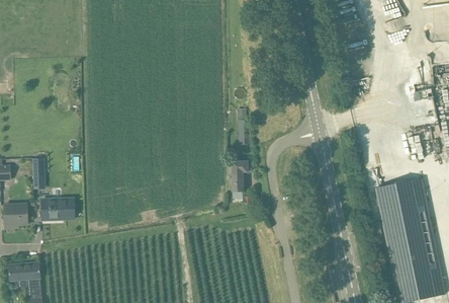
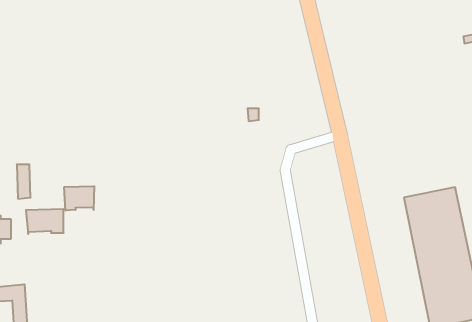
building: [231,161,251,191] -> none
building: none -> [64,186,94,211]

